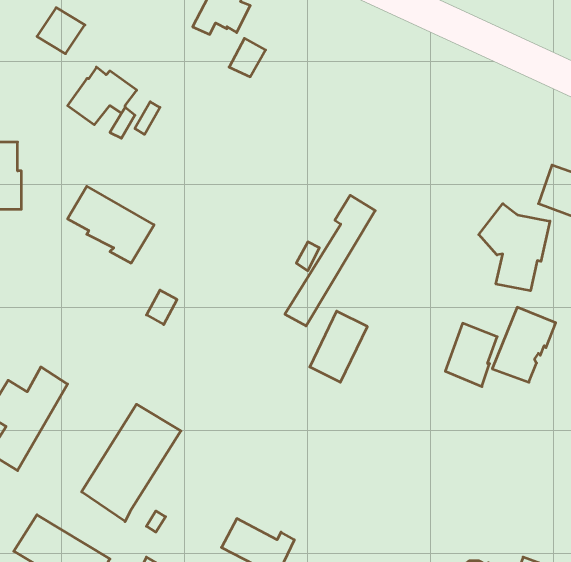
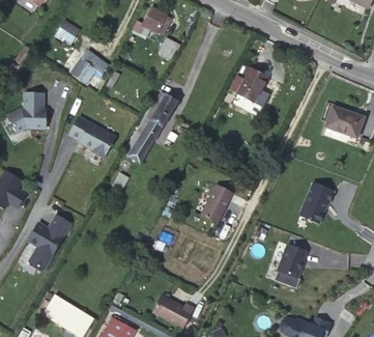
building: none -> [229,66,265,102]
building: [285,195,375,326] -> [128,91,177,162]
building: [479,204,550,291] -> none
building: [445,323,497,387] -> [278,244,306,278]
building: [82,404,181,522] -> none

